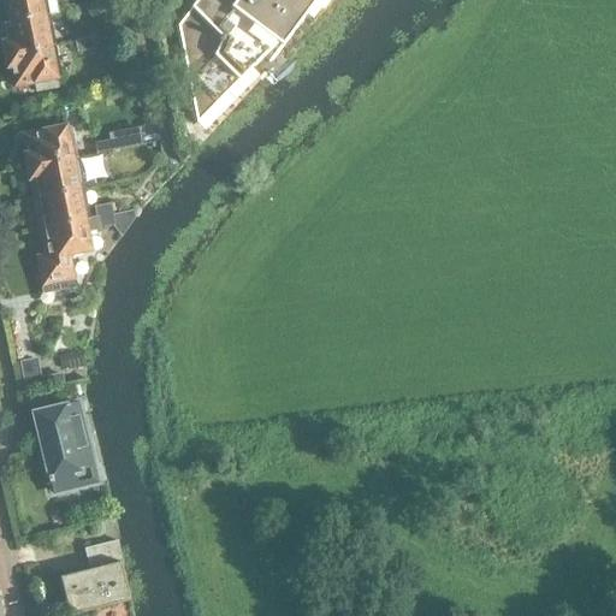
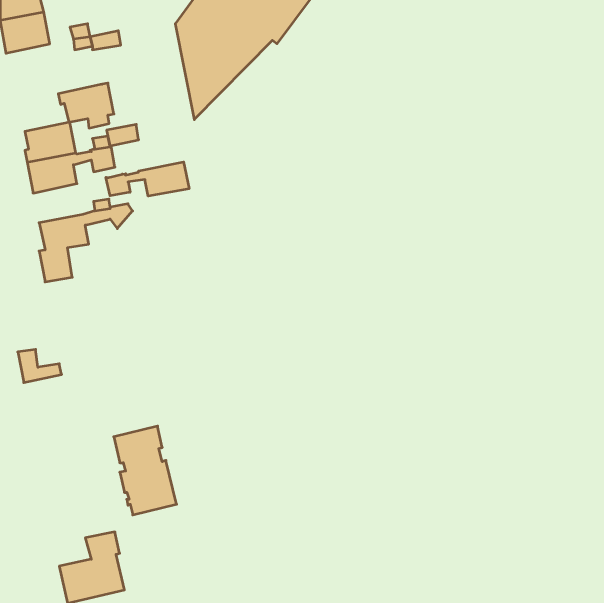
building: [7,43,64,89] -> [58,83,114,128]
building: none -> [106,162,189,196]
building: [35,186,85,226] -> none
building: [35,401,99,491] -> [114,426,177,515]

